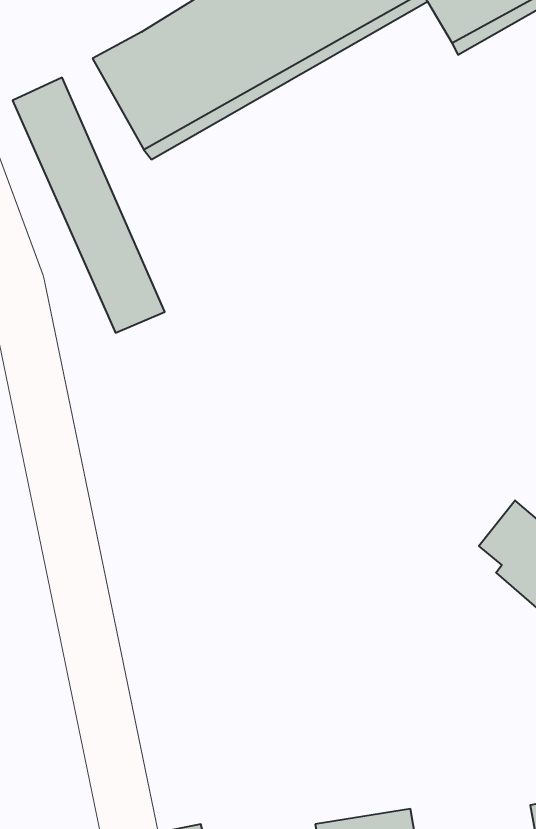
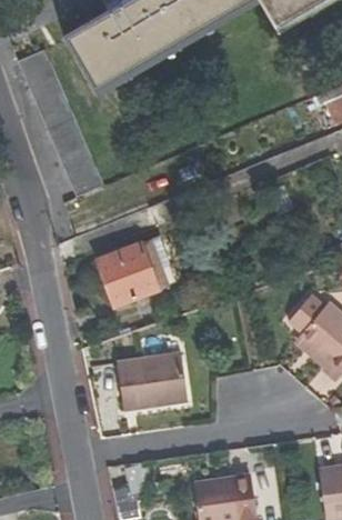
building: none -> [97,237,177,304]
building: none -> [118,351,188,409]

